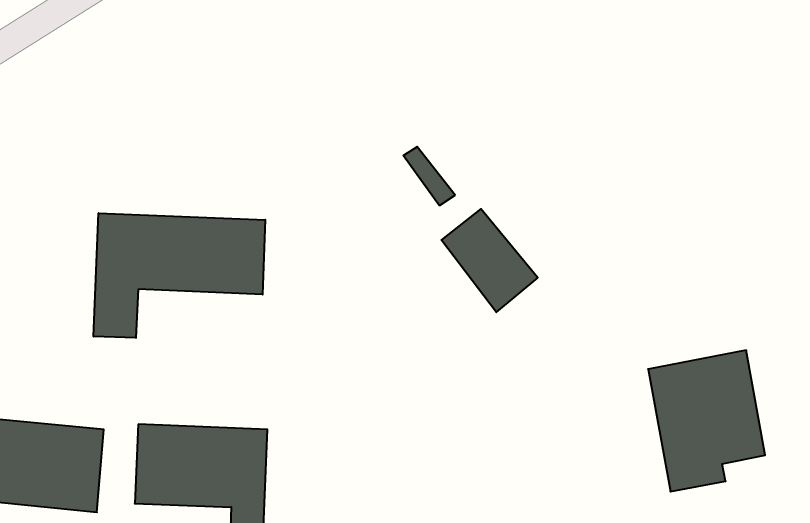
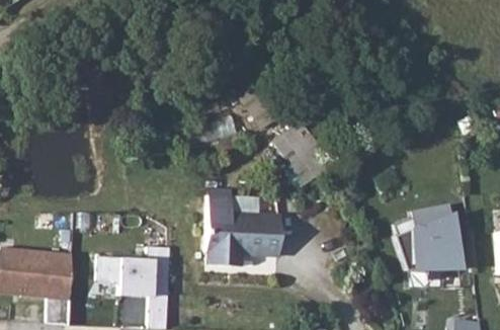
building: [94,213,265,338] -> none
building: none -> [207,196,280,266]

